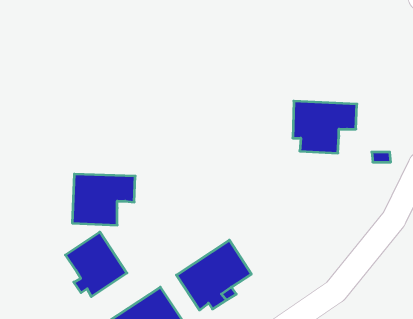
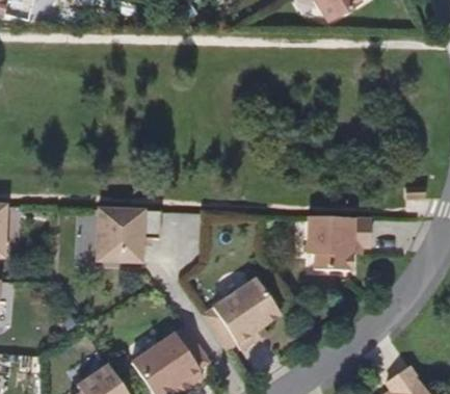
building: [293,101,357,153] -> [303,216,370,270]
building: [65,232,127,297] -> none

